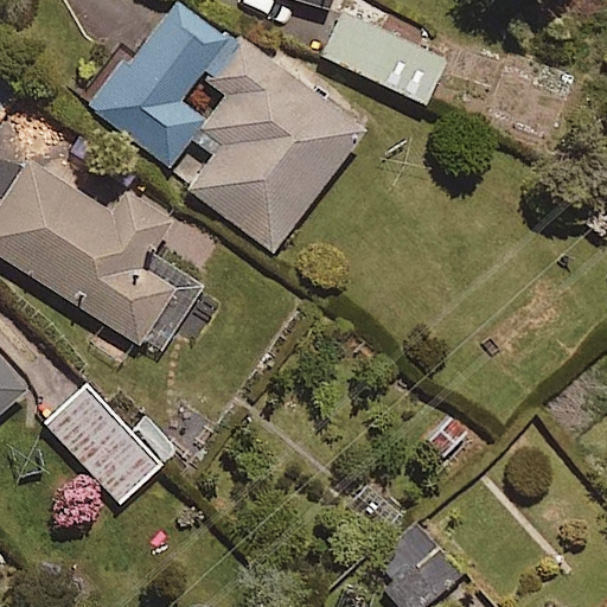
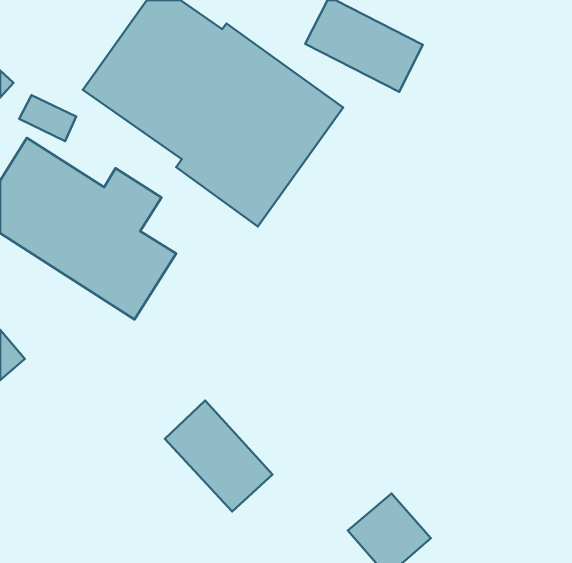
building: [47,388,161,505] -> [165,401,272,512]

